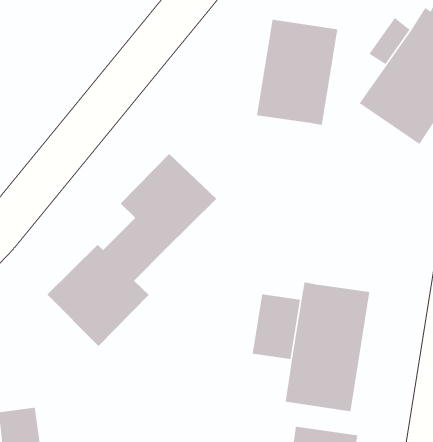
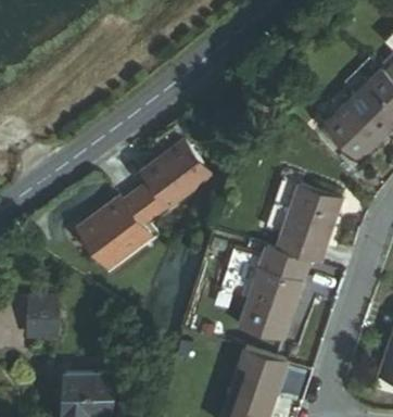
building: [256,19,338,125] -> [274,184,342,265]

